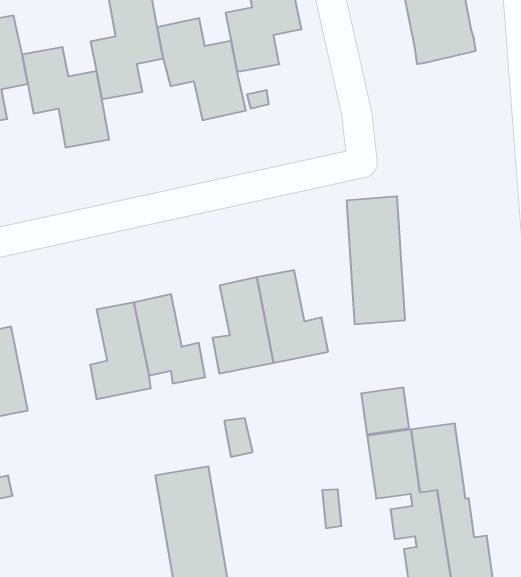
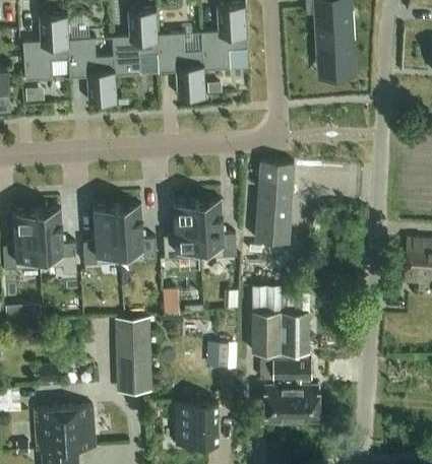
building: none -> [37,210,76,274]

